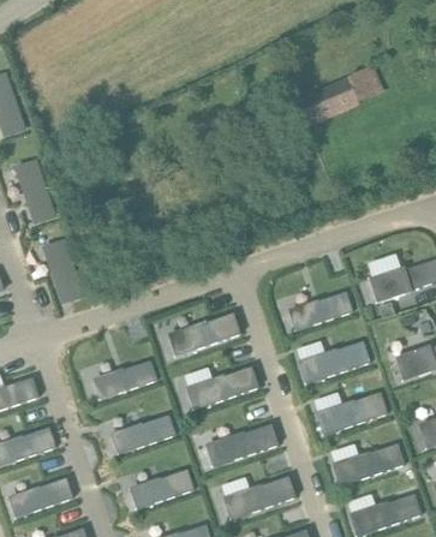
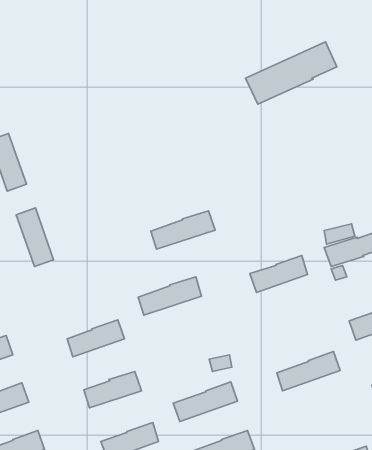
building: [301,341,370,382] -> none
building: [190,366,258,407] -> [151,211,215,249]
building: [336,443,404,484] -> none

